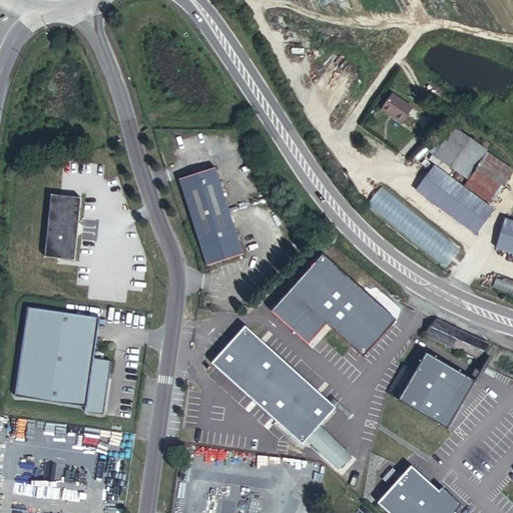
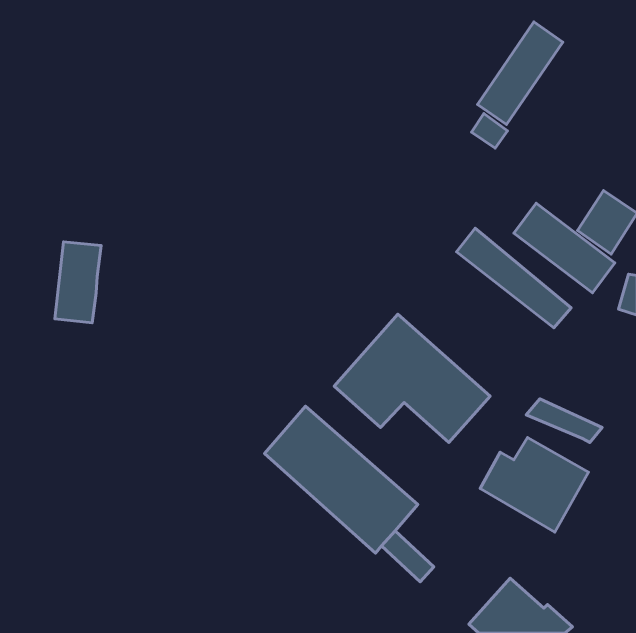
building: none -> [478,22,563,124]
building: [433,124,485,177] -> none
building: [179,165,242,264] -> none
building: [14,307,110,413] -> none

